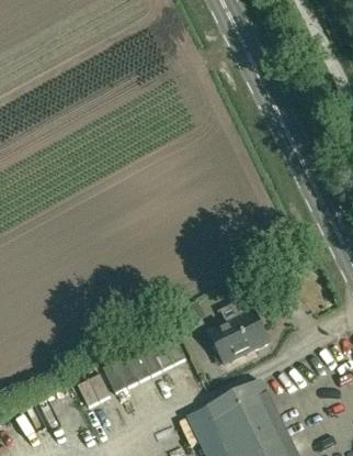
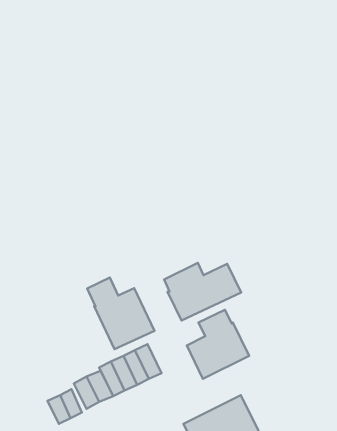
building: none -> [164,263,241,321]
building: none -> [87,278,154,349]

